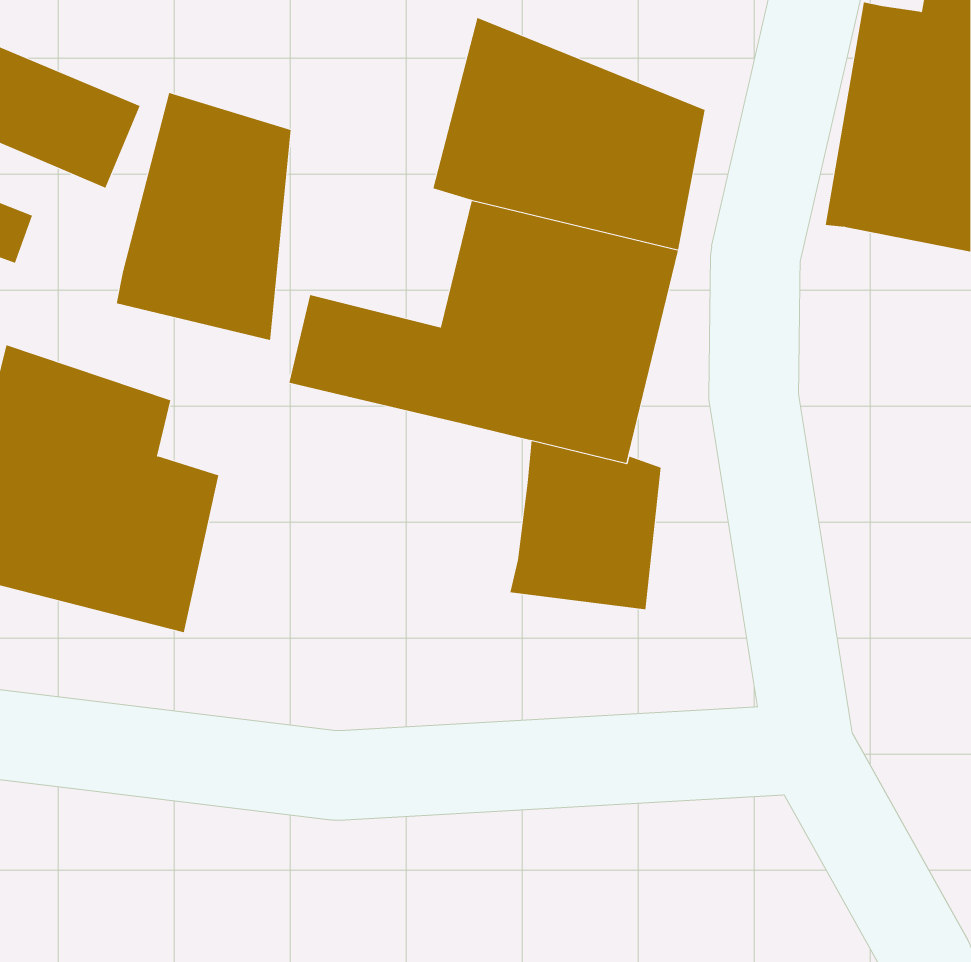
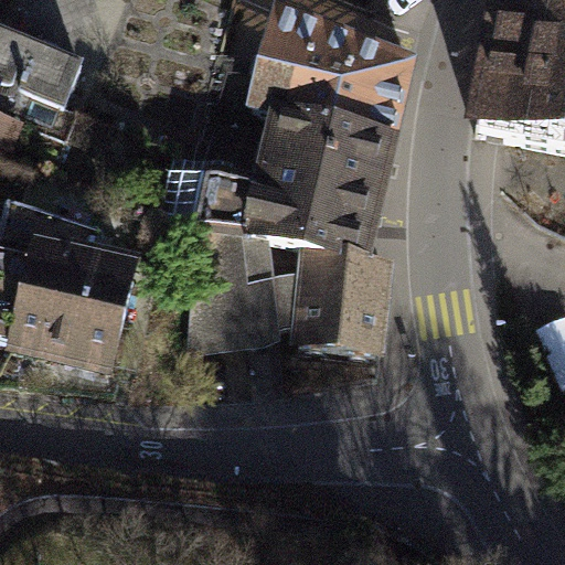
building: [116,92,291,341] -> none
building: none -> [192,227,302,342]

